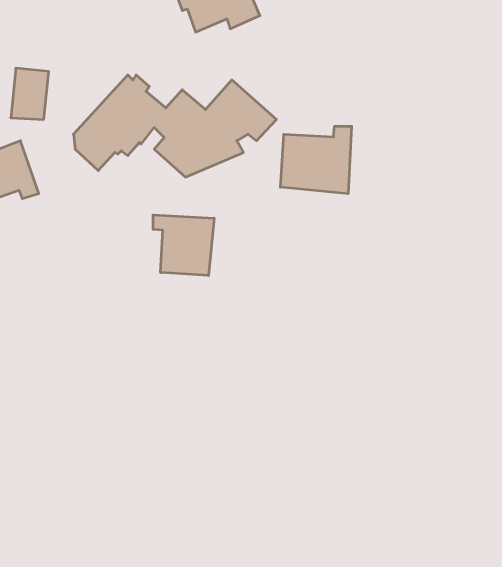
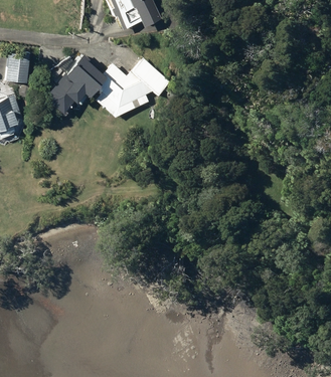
building: [280,126,352,194] -> none
building: [153,215,214,276] -> none

